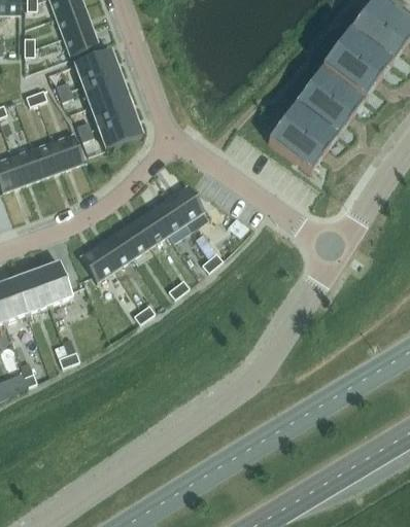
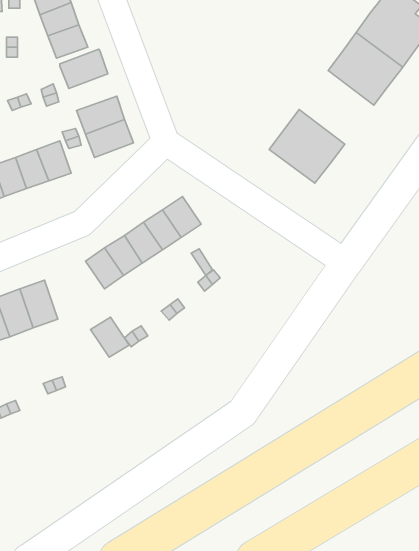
building: [295,68,364,136] -> none
building: [81,71,126,105] -> none
building: [78,244,114,281] -> [90,317,129,357]

